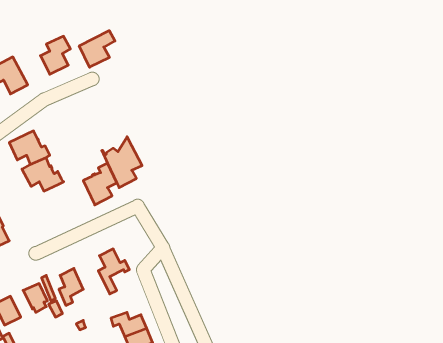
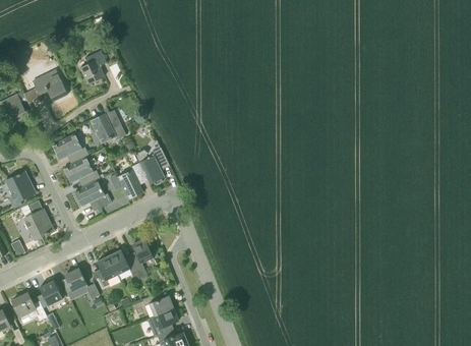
building: [79,31,115,67] -> none
building: none -> [90,114,125,142]
building: none -> [74,181,111,211]
building: none -> [109,250,140,280]

